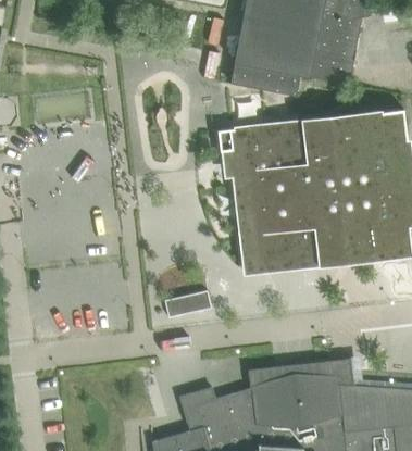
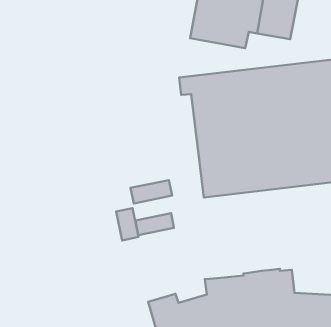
building: none -> [130,180,172,203]
building: none -> [116,208,138,240]

